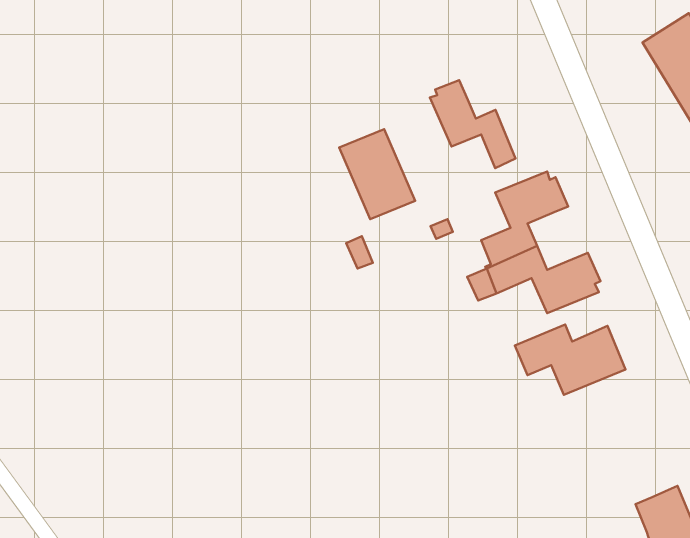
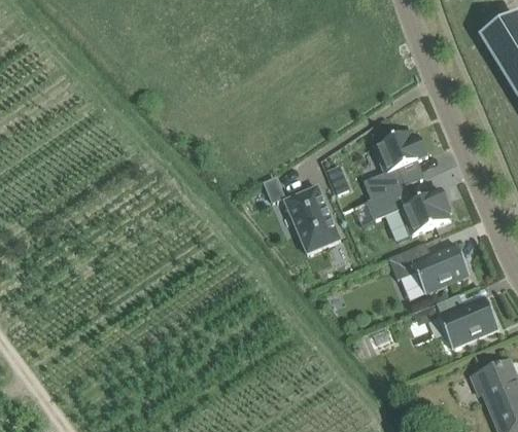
building: [430,80,516,168] -> none
building: [339,129,415,219] -> [284,186,340,252]
building: none -> [437,293,498,347]

